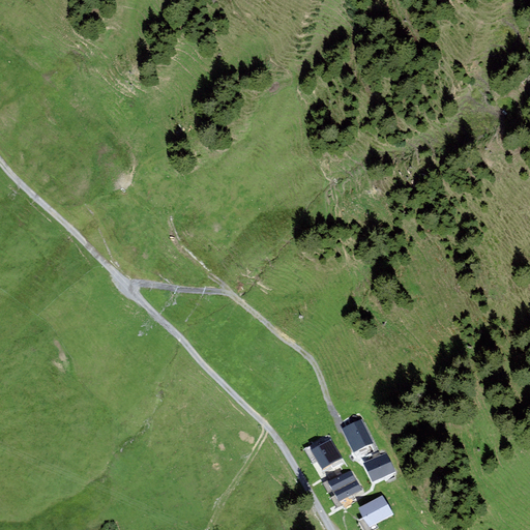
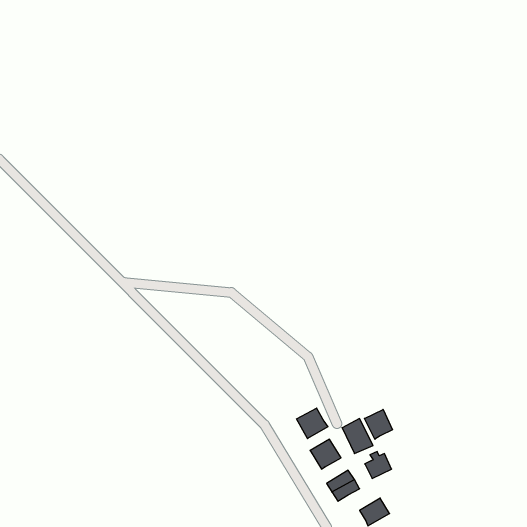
building: none -> [297,408,328,439]
building: none -> [364,409,393,439]

